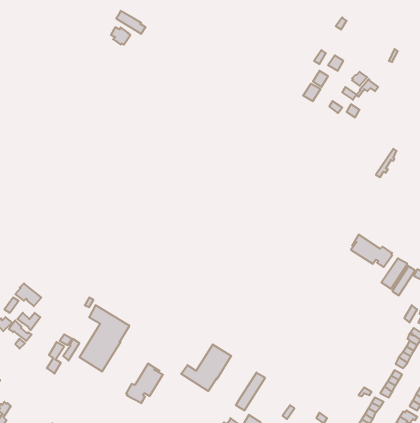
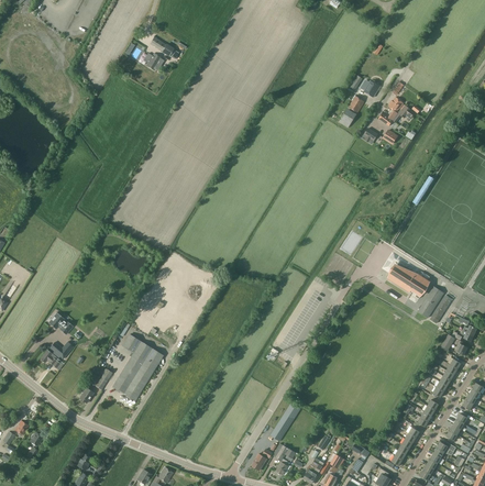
building: [181,344,231,391] -> none
building: [126,363,163,403] -> none

